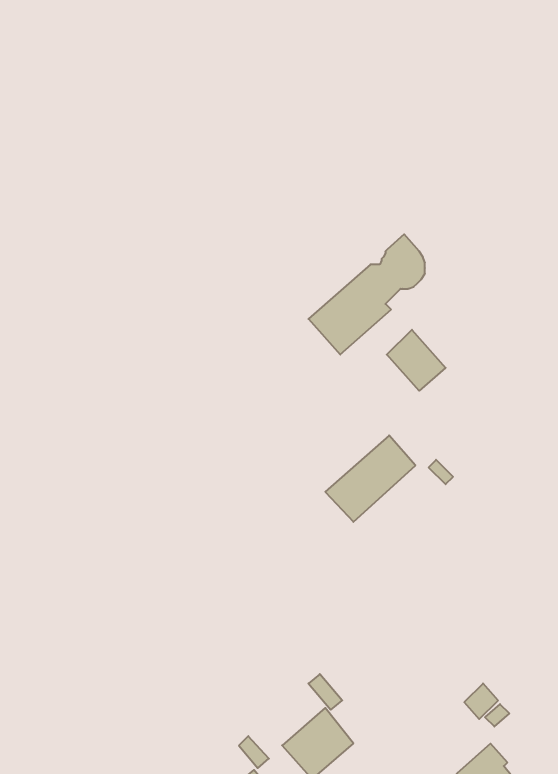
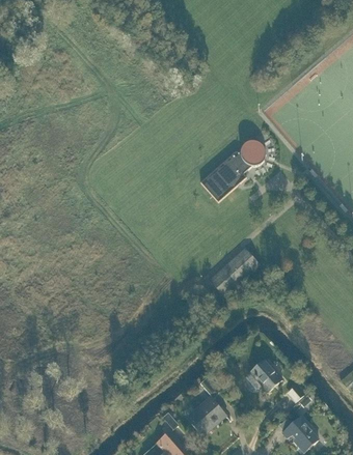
building: [387,330,446,391] -> none
building: none -> [249,359,282,392]

